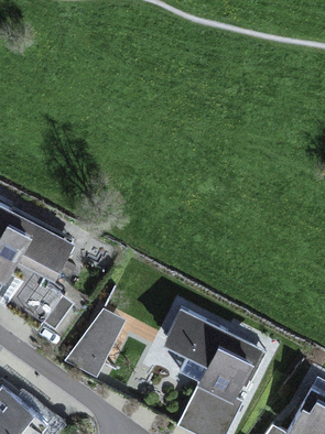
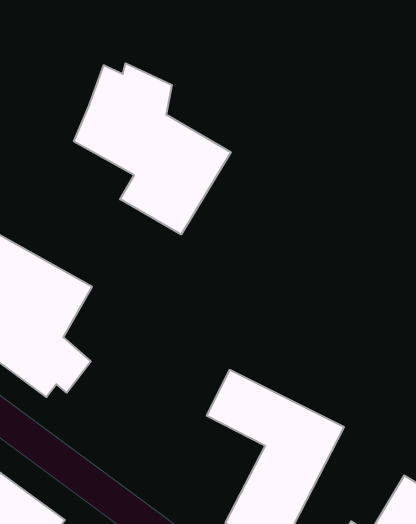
building: none -> [74,63,231,234]
building: [65,308,124,373] -> none

